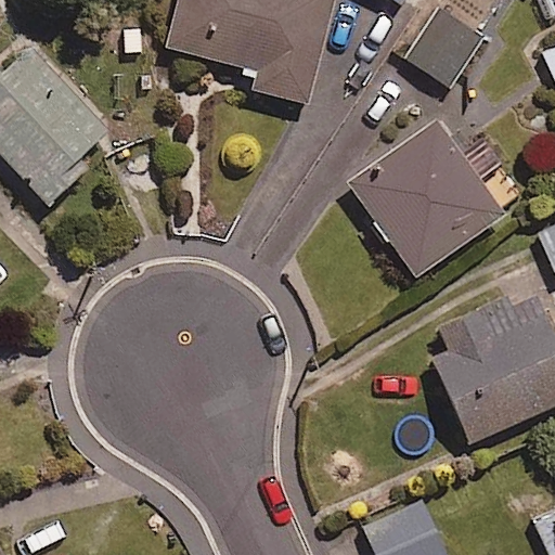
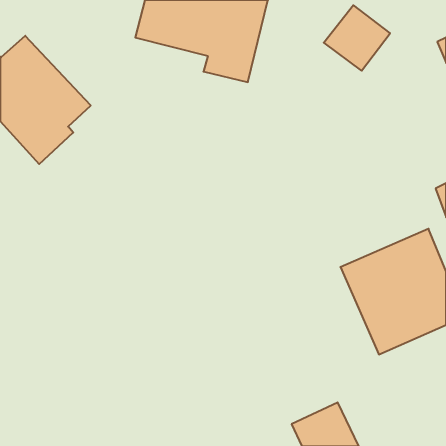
building: [350,122,503,275] -> none

